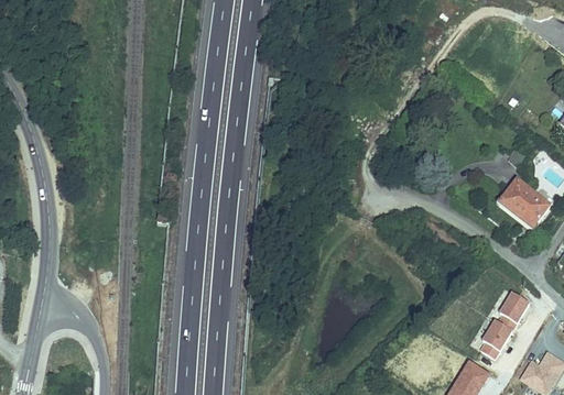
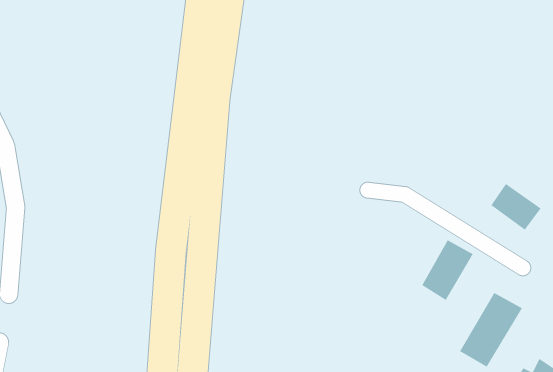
building: none -> [421,239,473,301]

